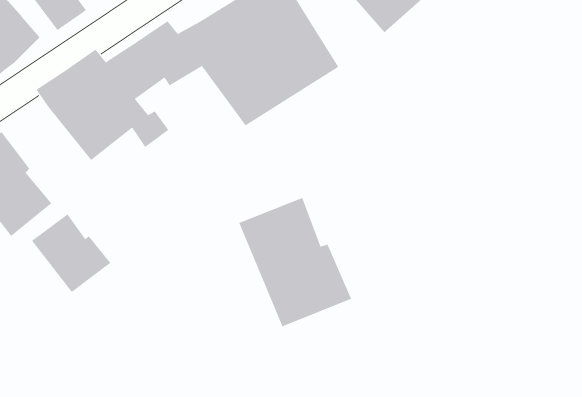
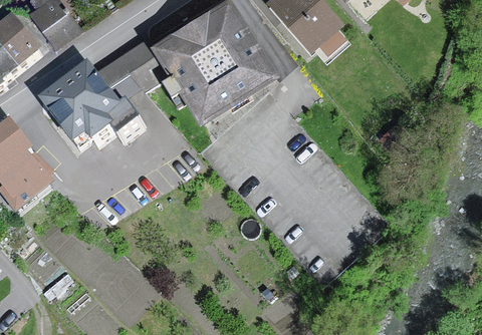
building: [238,197,352,327] -> none
building: [31,213,111,293] -> none

